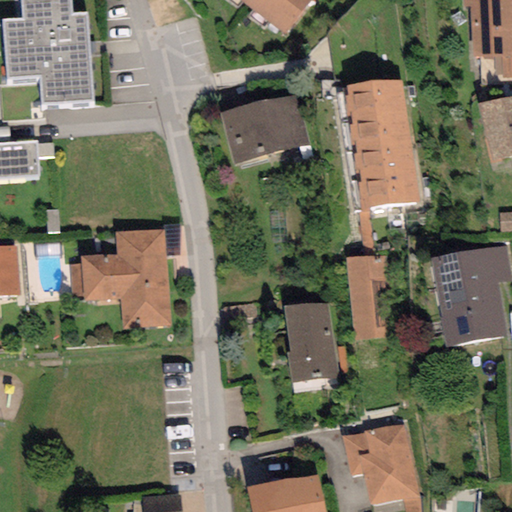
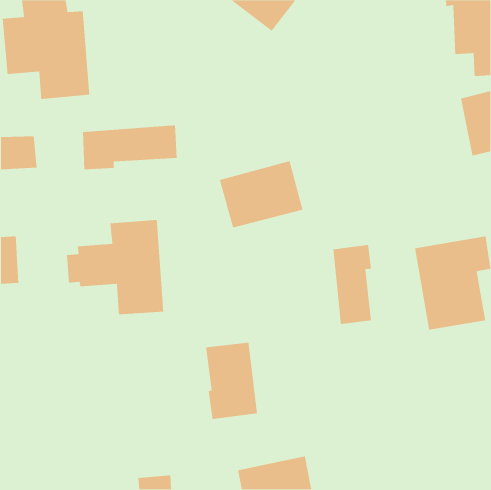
building: [345,77,418,208] -> none
building: [221,92,309,163] -> [219,160,304,228]
building: none -> [82,125,178,170]
building: [283,302,338,383] -> [205,342,258,420]
building: [343,421,419,505] -> none

